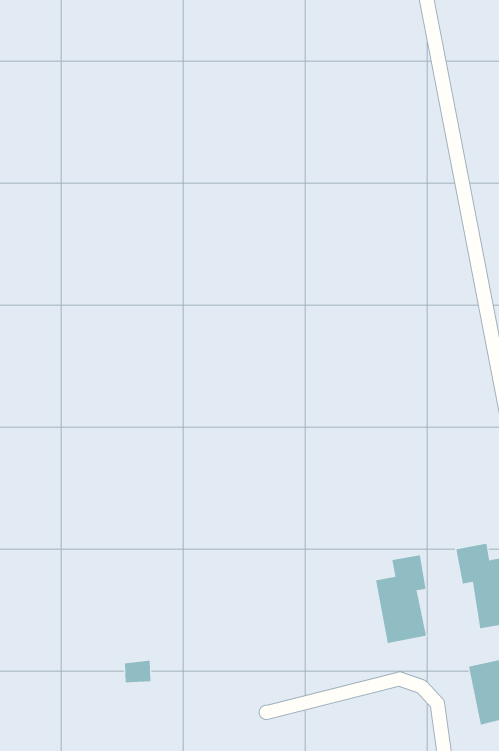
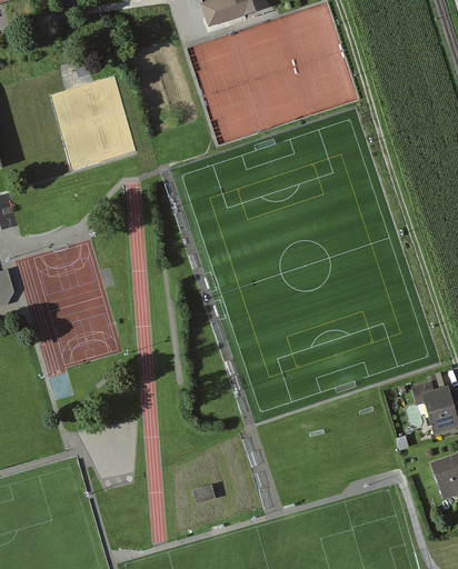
building: [376,555,426,644] -> none

